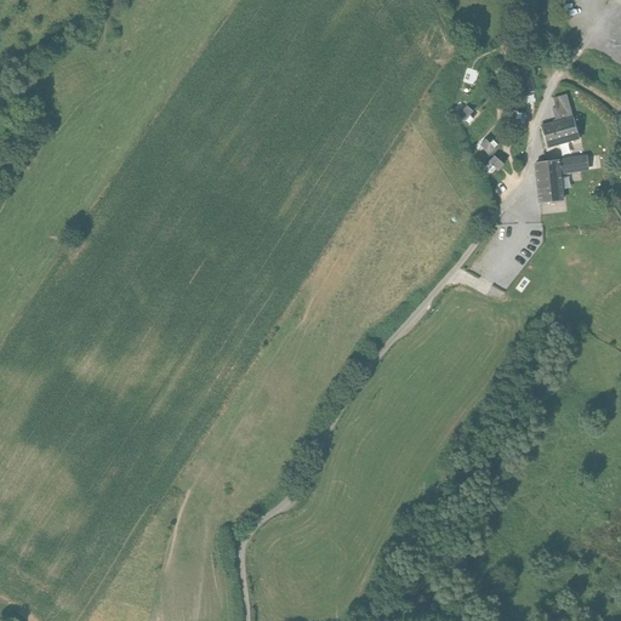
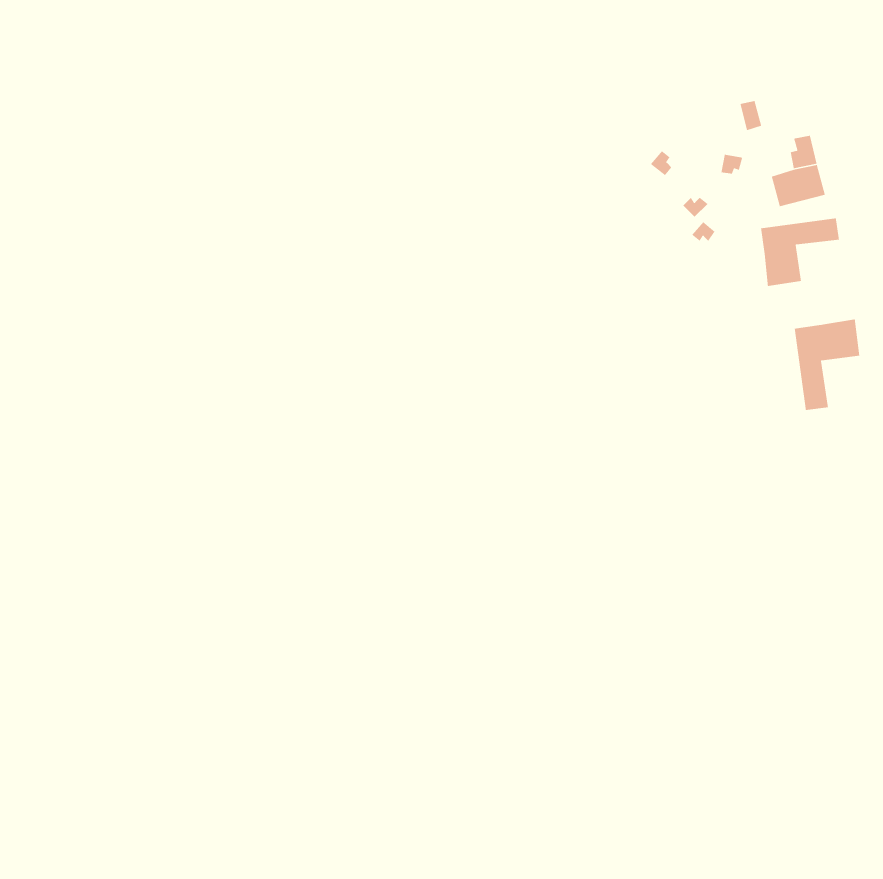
building: none -> [794,318,860,411]

